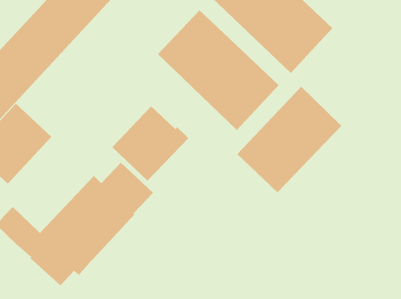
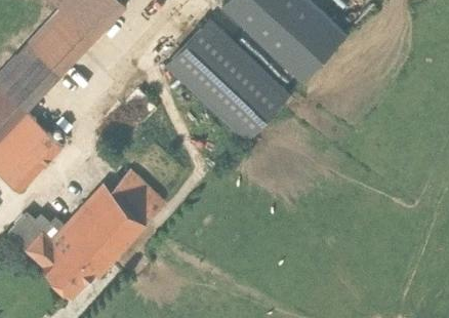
building: [237,86,342,193] -> none
building: [112,105,189,181] -> none

